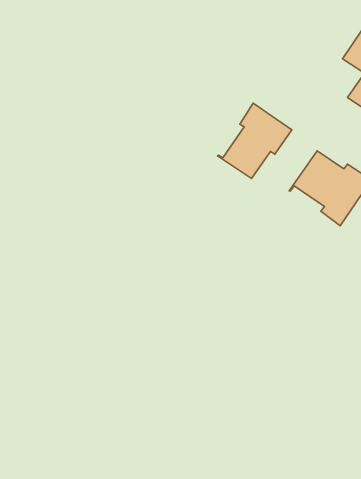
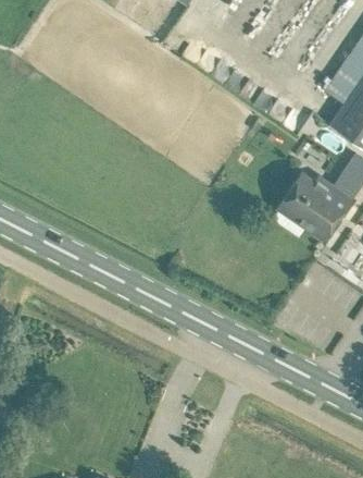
building: [217,103,292,179] -> none

